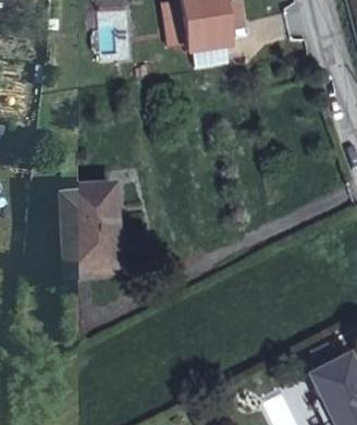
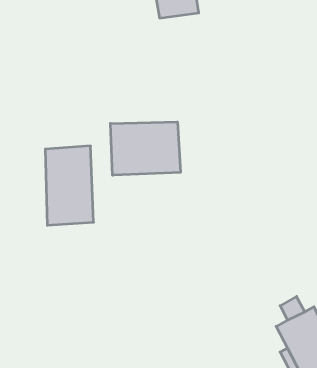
building: none -> [110,122,180,175]

